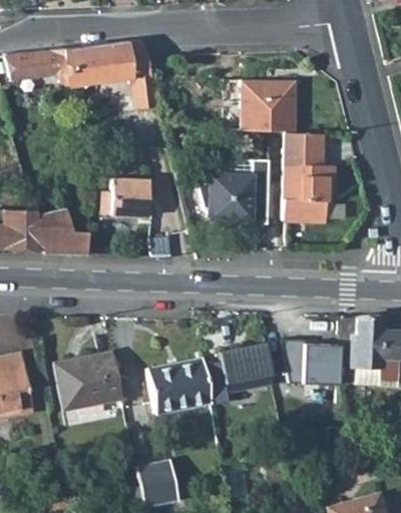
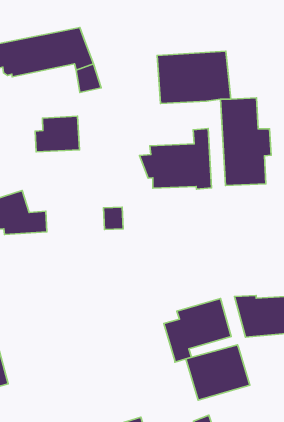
building: [102,179,149,216] -> [35,116,80,152]
building: [55,352,123,410] -> none
building: [147,359,213,414] -> [186,345,250,400]

